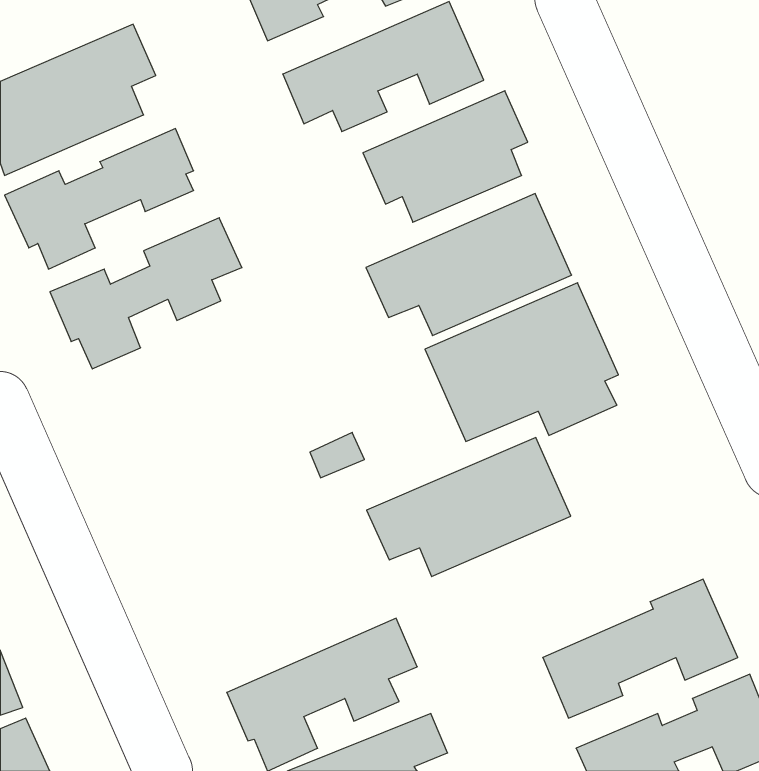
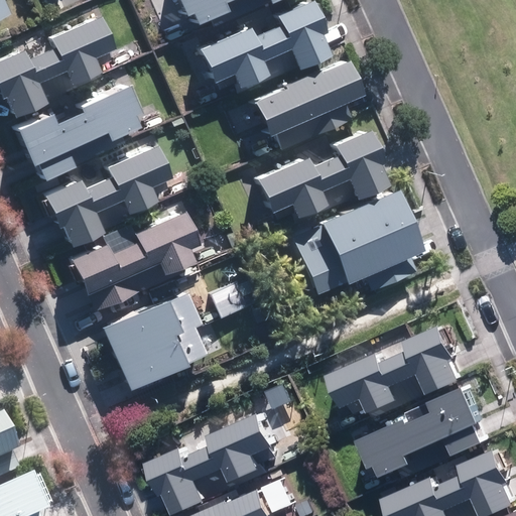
building: none -> [69,210,206,313]
building: none -> [99,289,212,388]
building: [367,438,571,577] -> [340,326,476,418]

